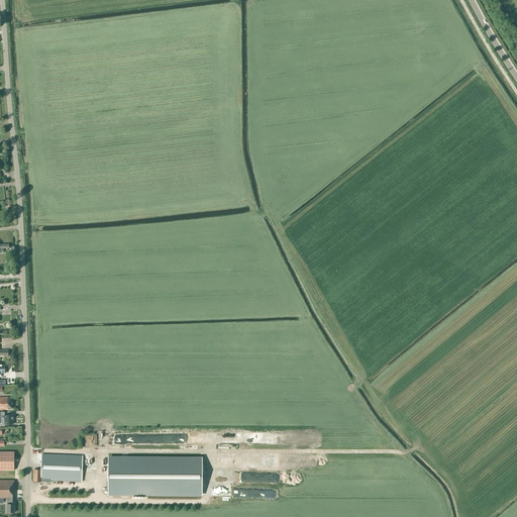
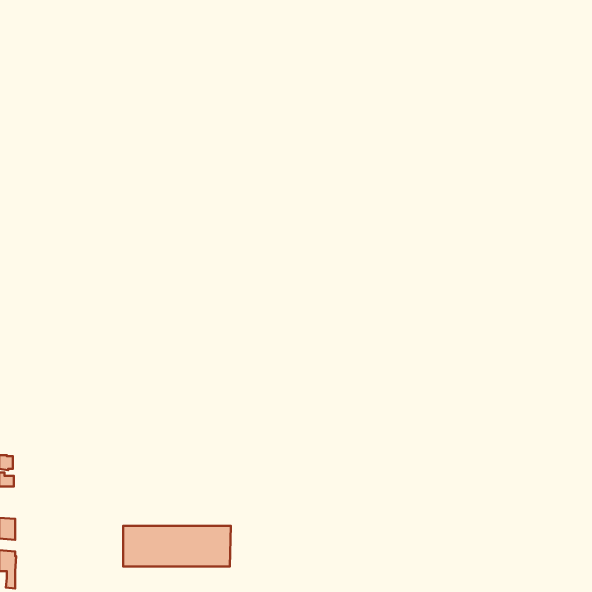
building: [32,453,82,482] -> none

